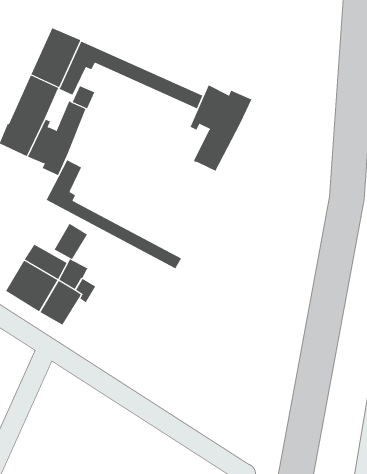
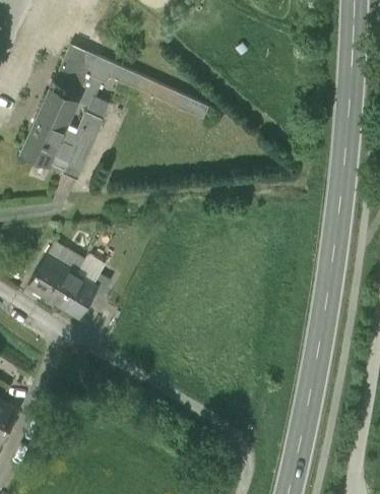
building: [190,85,252,172] -> none
building: [46,159,182,269] -> none
building: [54,223,88,260] -> none

